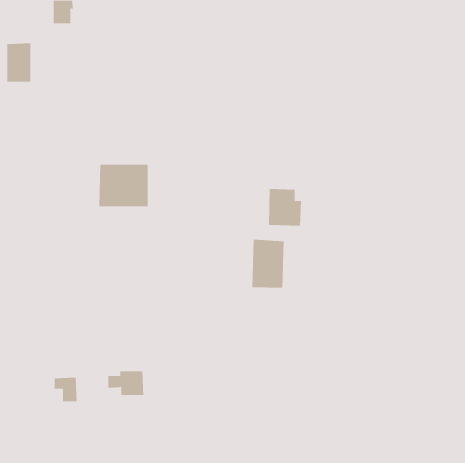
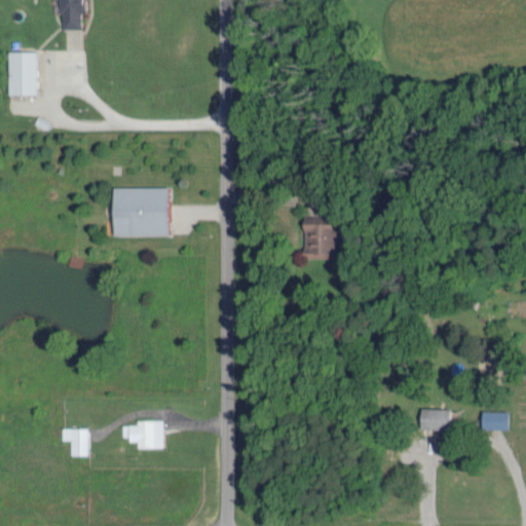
building: [252,239,284,289] -> none
building: none -> [420,409,450,430]
building: none -> [481,412,509,430]

